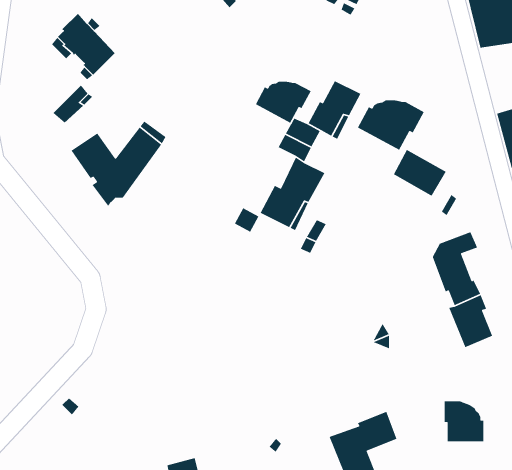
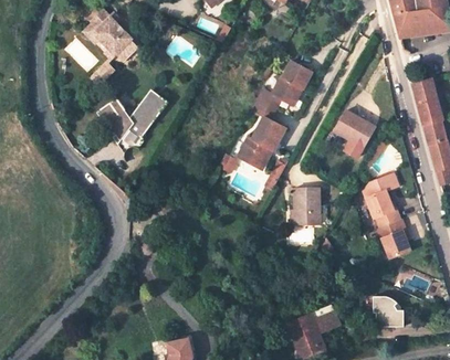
building: [255,81,312,124] -> none
building: [357,100,425,151] -> none
building: none -> [295,189,320,223]

